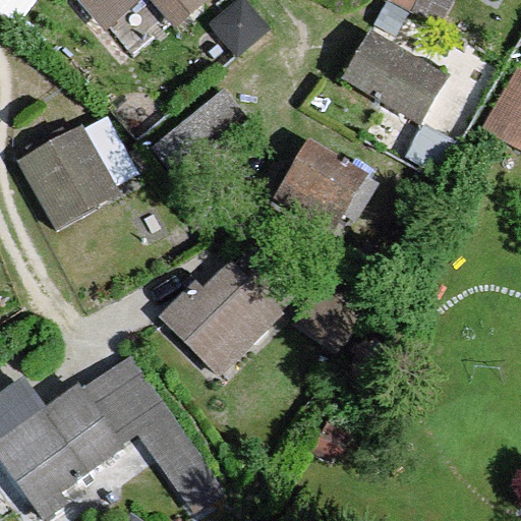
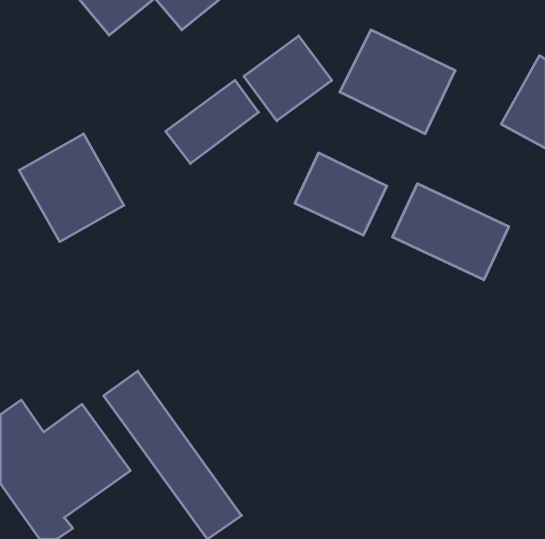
building: none -> [244,36,332,121]
building: none -> [392,184,509,280]
building: [160,251,285,375] -> none

